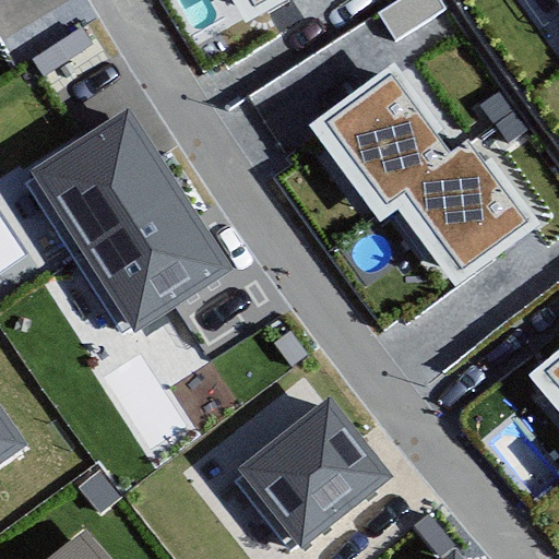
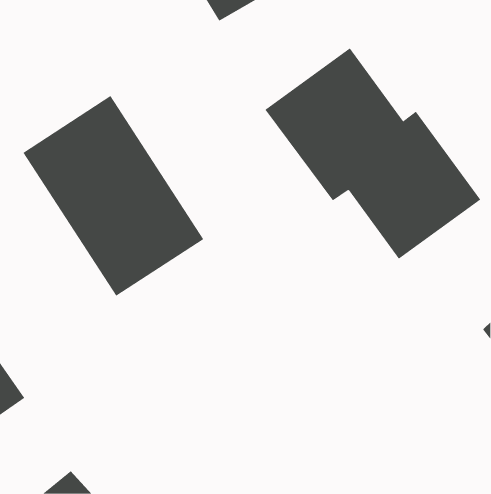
building: [233,397,386,549] -> none

